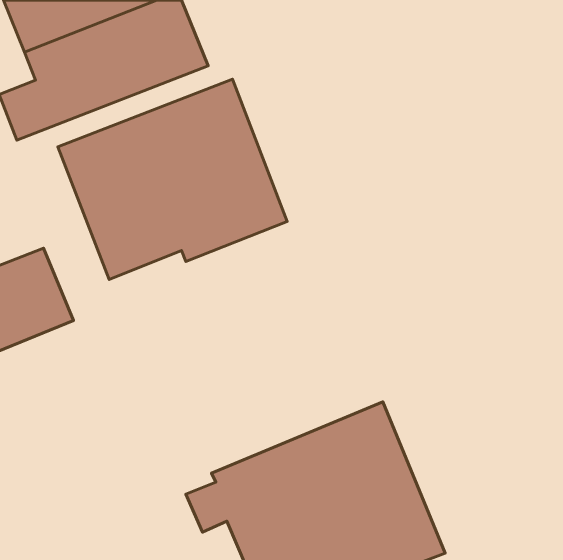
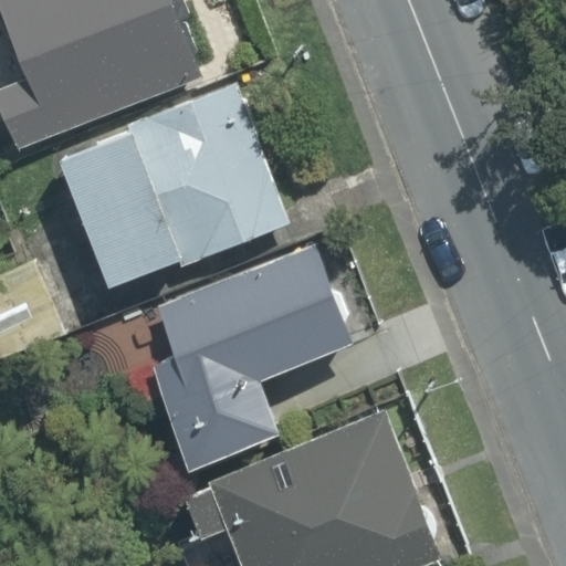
building: none -> [153,244,352,470]

